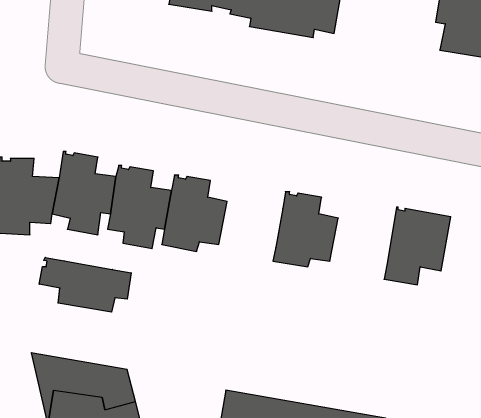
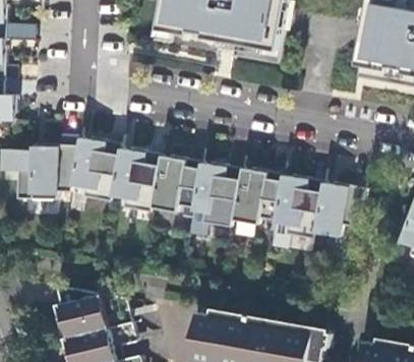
building: none -> [192,163,239,225]
building: none -> [274,175,320,237]
building: [39,257,131,312] -> none

